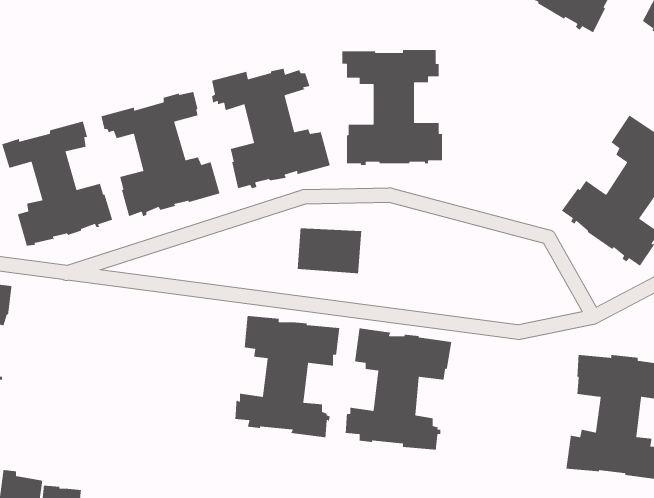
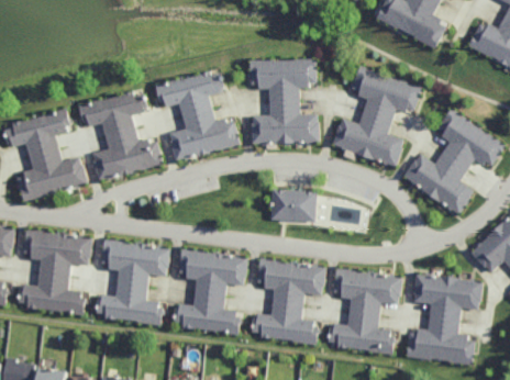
building: none -> [334,64,423,166]
building: [297,227,362,274] -> [271,188,318,221]
building: none -> [20,228,92,315]
building: none -> [95,238,170,325]
building: none -> [329,267,403,354]

